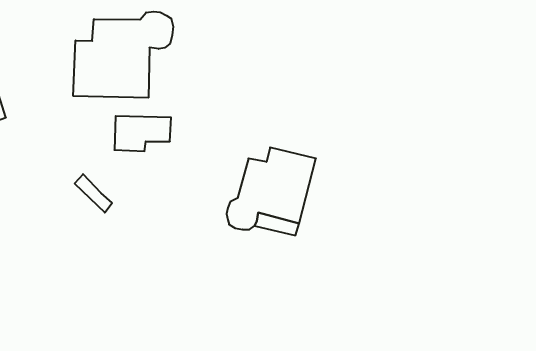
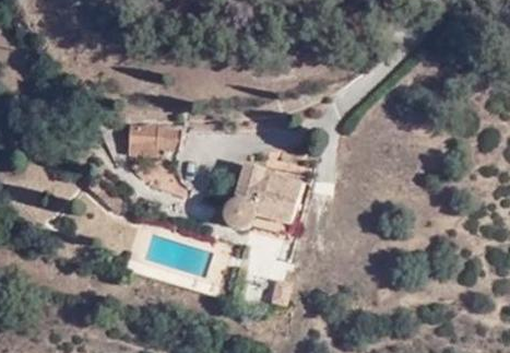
building: [73,12,173,98] -> none

